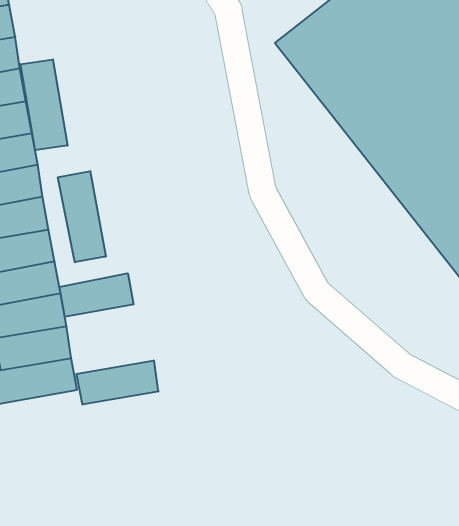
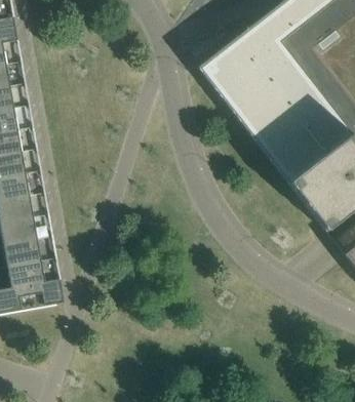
building: [20,59,68,150] -> none
building: [58,171,106,262] -> none
building: [59,273,134,317] -> none
building: [76,360,158,405] -> none

